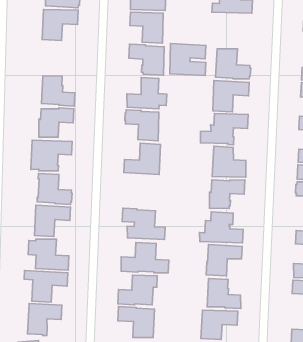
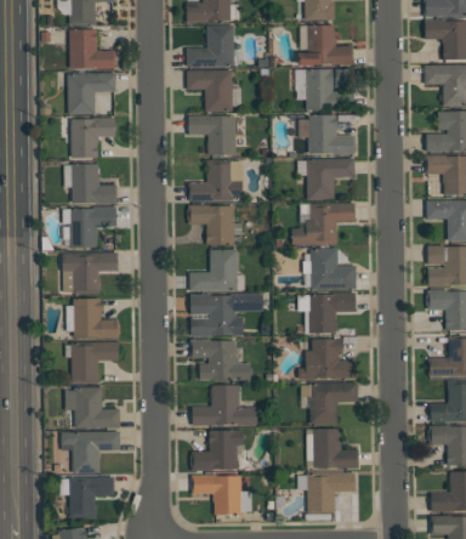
building: none -> [70,118,115,159]
building: [170,44,206,76] -> [305,69,354,110]
building: none -> [191,294,263,336]

